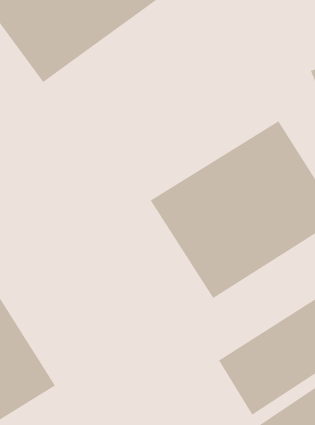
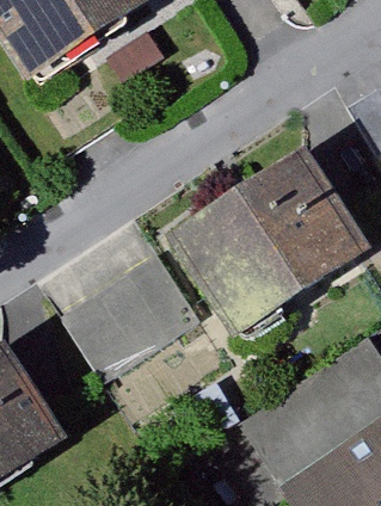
building: none -> [56,265,182,385]

